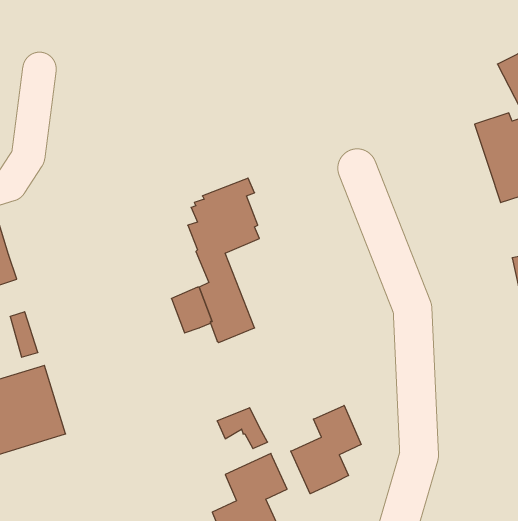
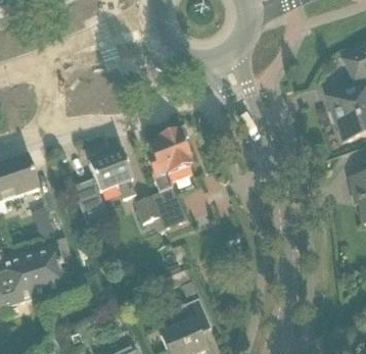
building: none -> [72,150,137,220]
building: [291,405,361,494] -> none

